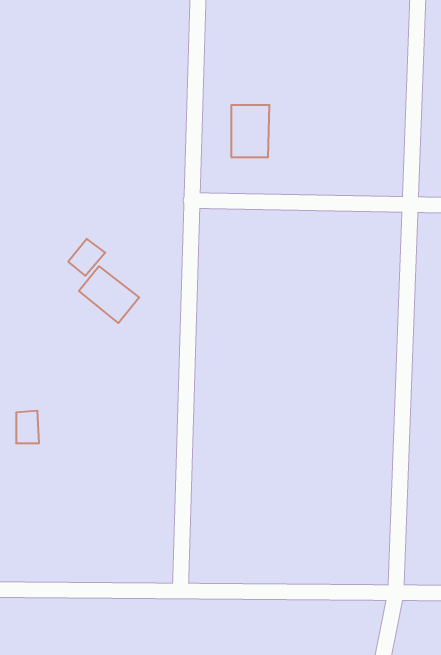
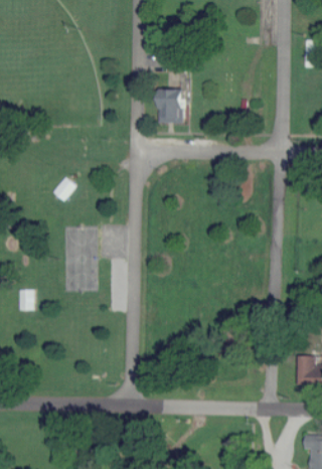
building: [79,266,139,323] -> none

